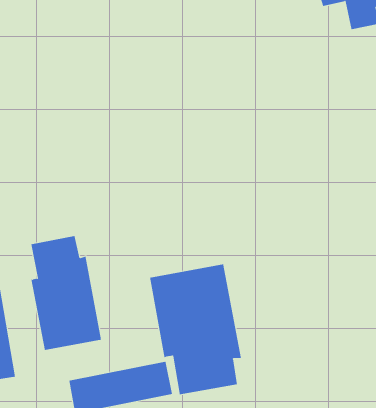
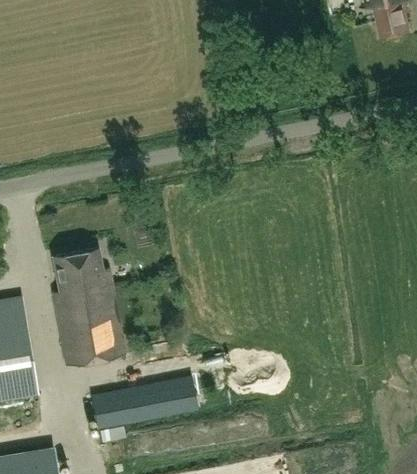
building: [149,263,241,395] -> none

